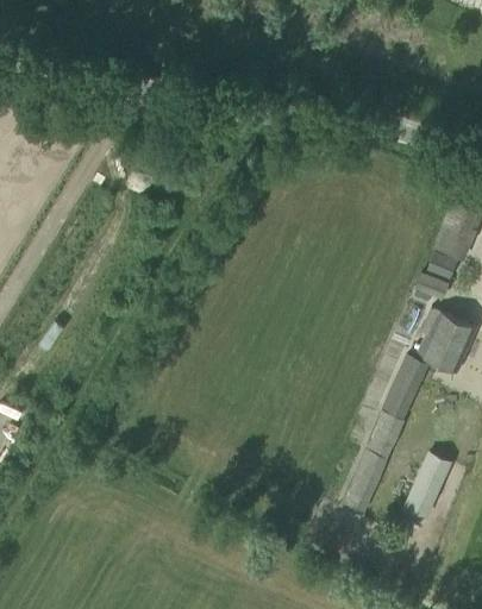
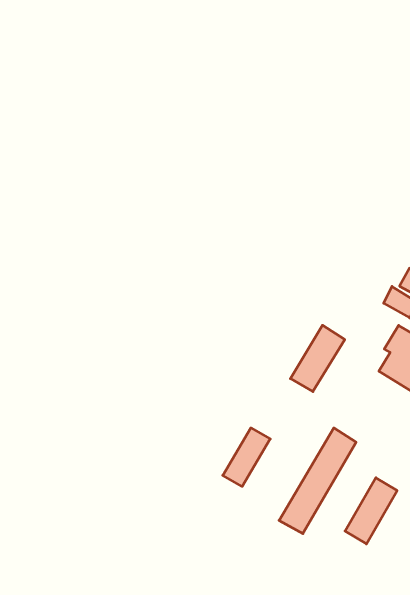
building: [381,357,427,420] -> [290,325,345,392]
building: none -> [223,428,270,486]

